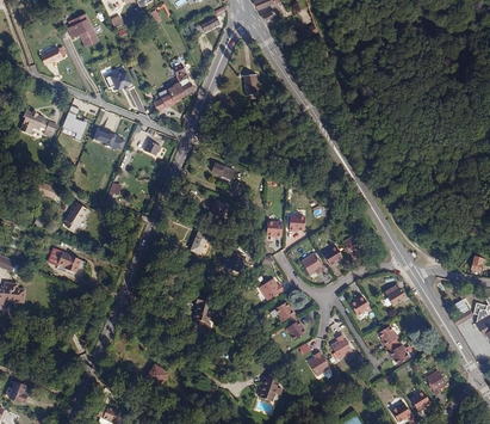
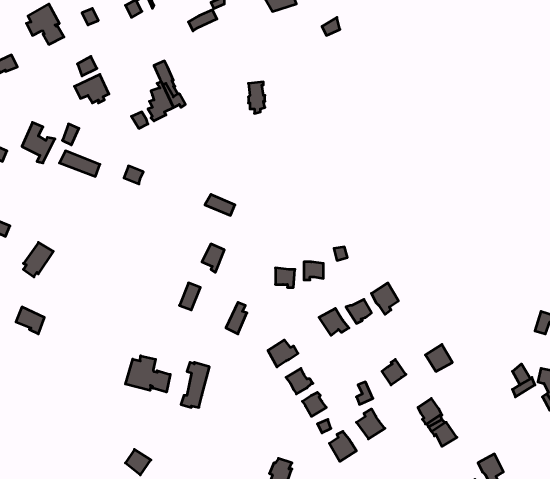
building: none -> [125,356,170,392]

